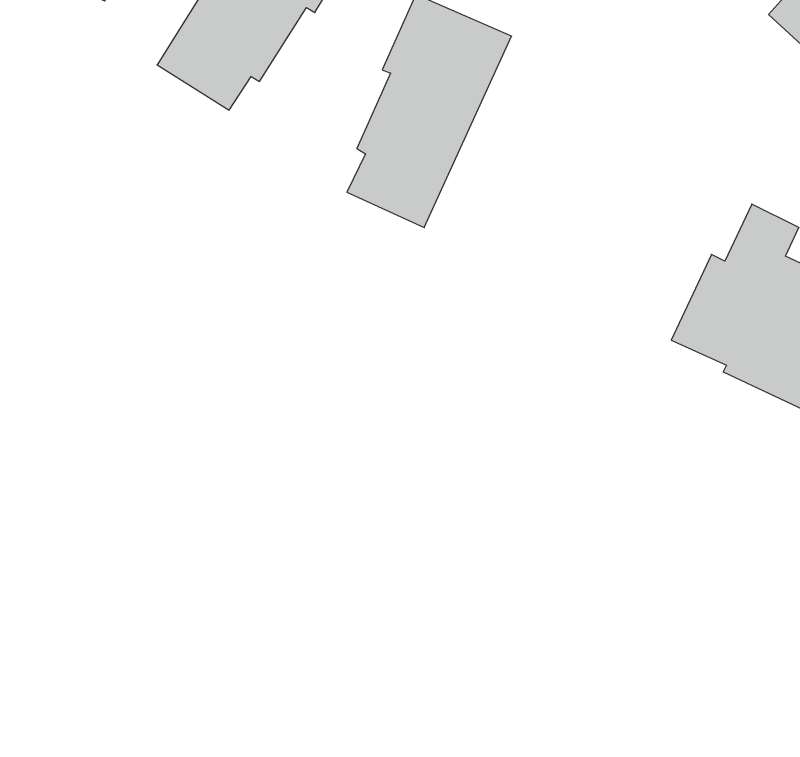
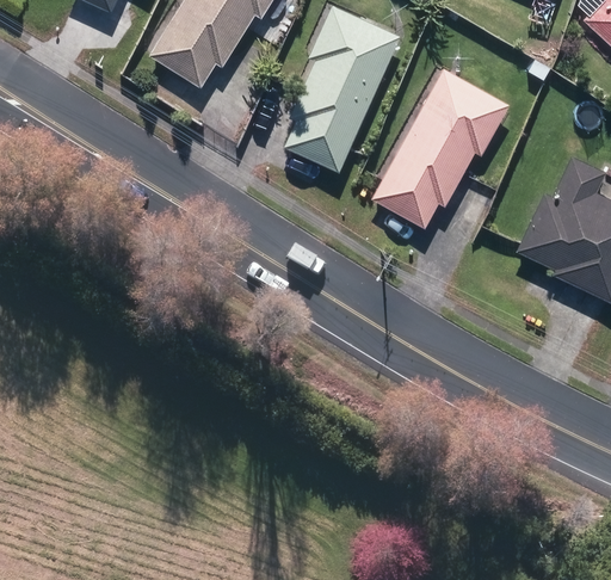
building: none -> [372,68,508,227]

